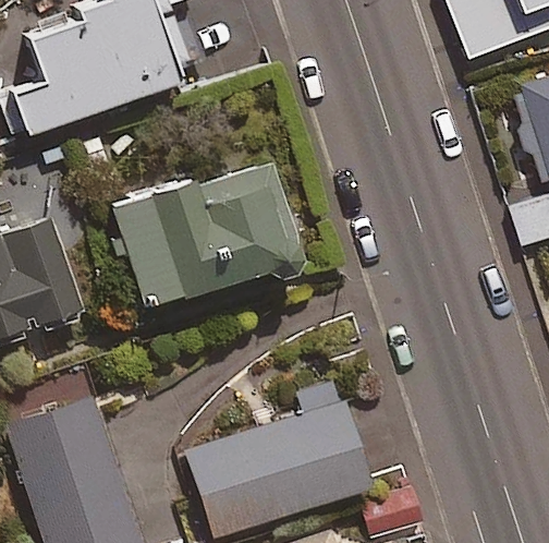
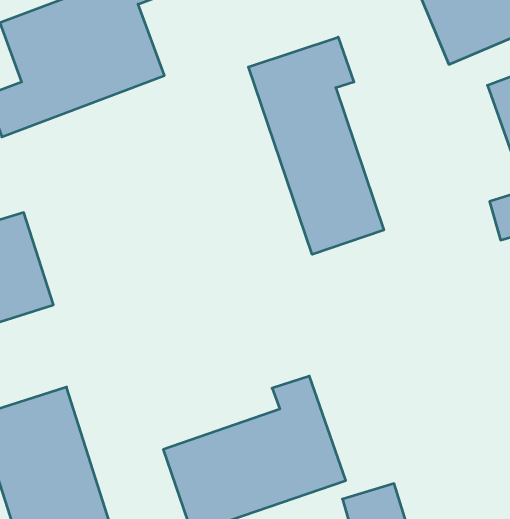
building: none -> [248,37,384,254]
building: [113,161,304,315] -> none

